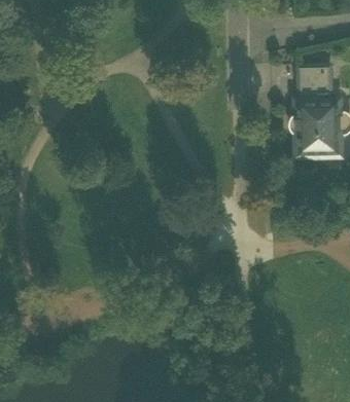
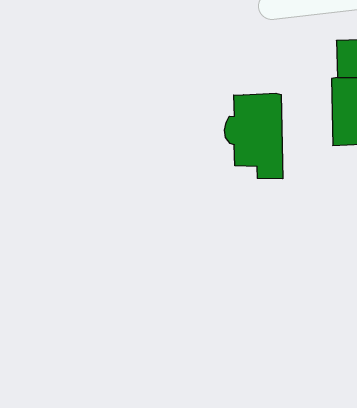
building: none -> [224,93,283,179]

